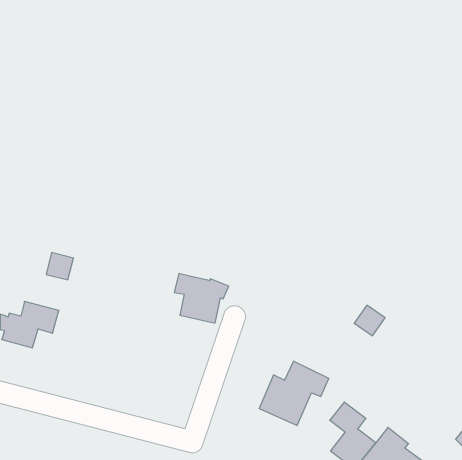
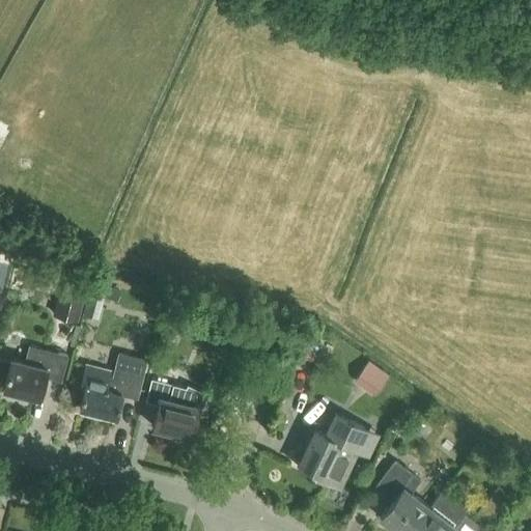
building: [174,273,229,323] -> [146,383,208,440]
building: [354,305,385,336] -> [355,362,390,397]
building: none -> [80,354,148,420]

